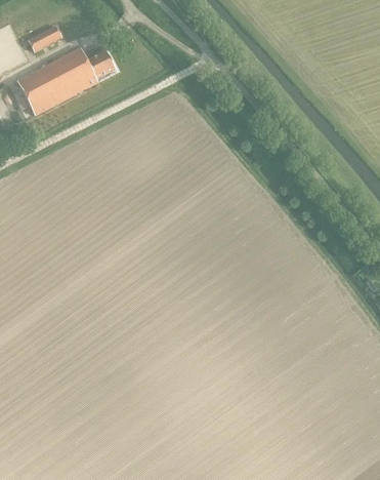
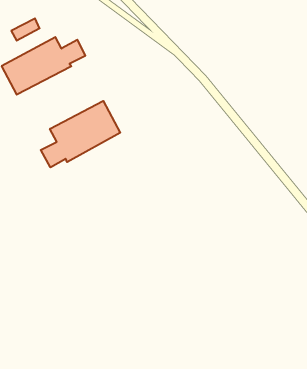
building: none -> [41,101,120,167]

